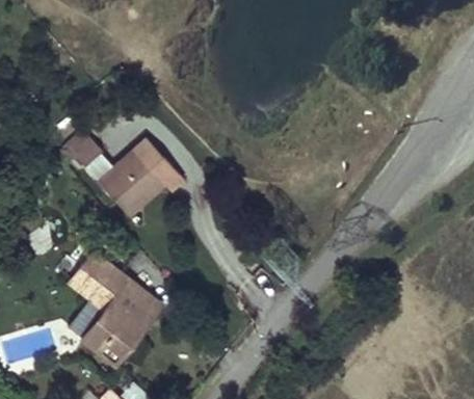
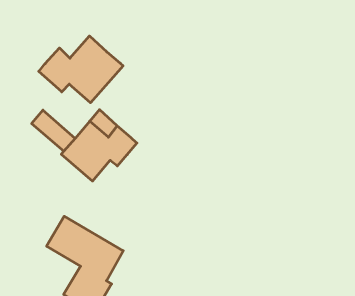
building: none -> [39,36,123,103]

